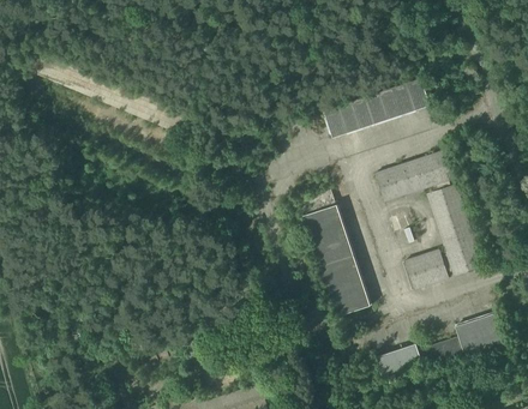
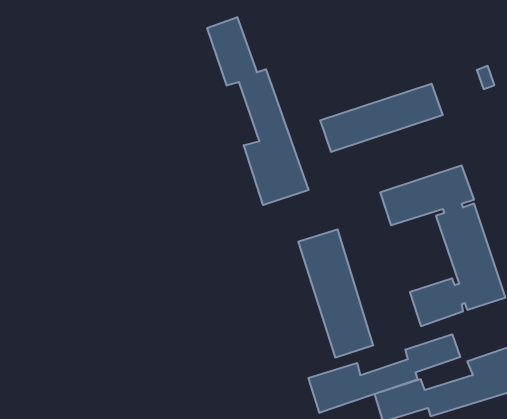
building: none -> [207,17,309,205]
building: none -> [308,334,460,413]

